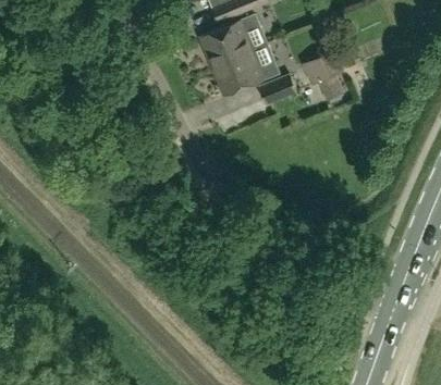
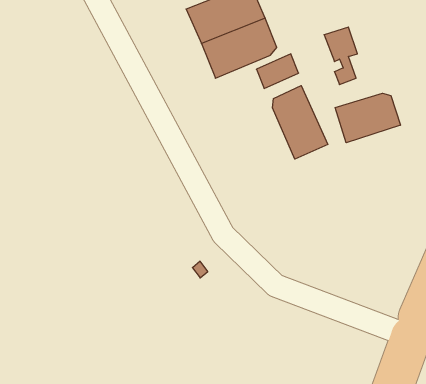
building: none -> [273,86,328,159]
building: none -> [335,93,400,143]

